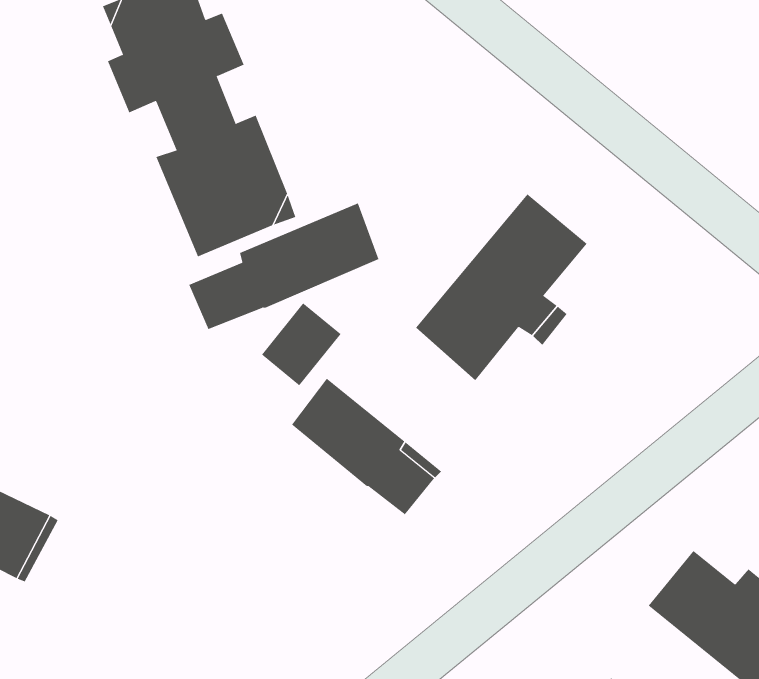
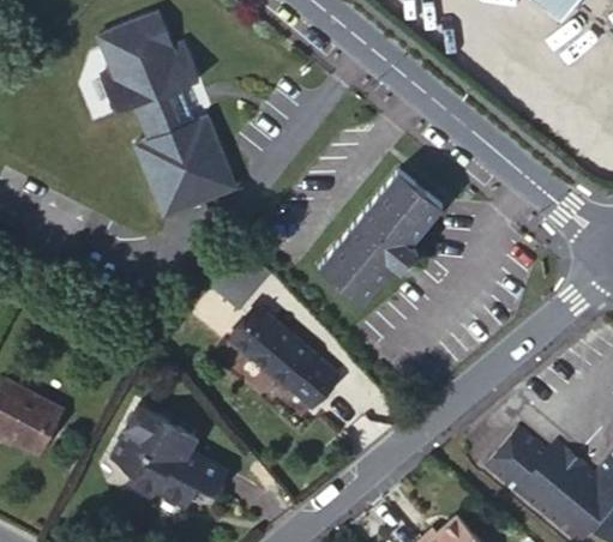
building: [189,203,379,330] -> none
building: none -> [115,403,229,502]

